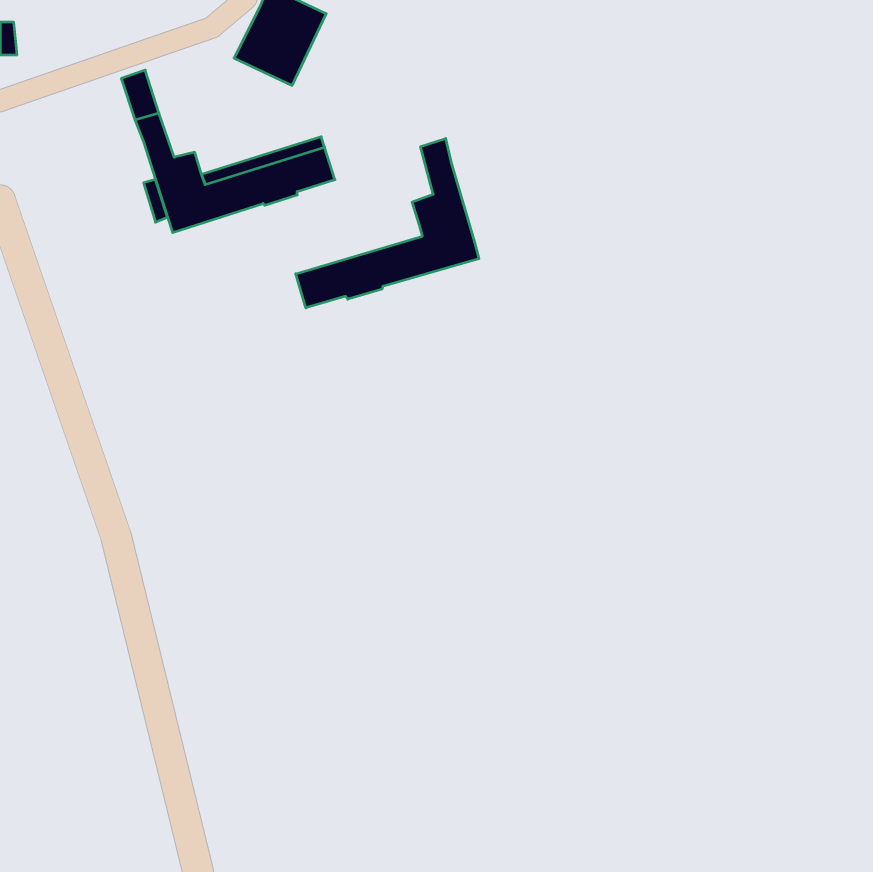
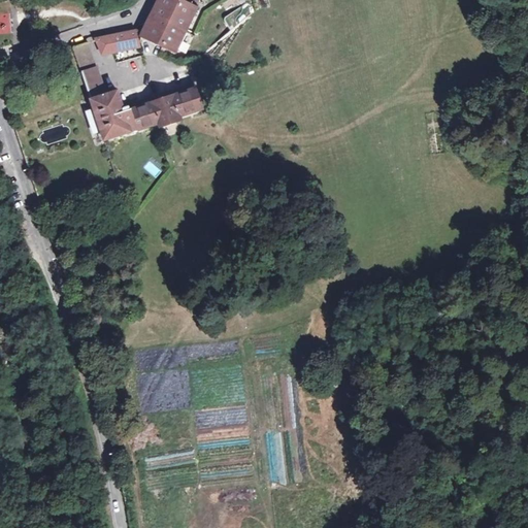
building: none -> [96,29,140,55]
building: [296,138,479,308] -> none

